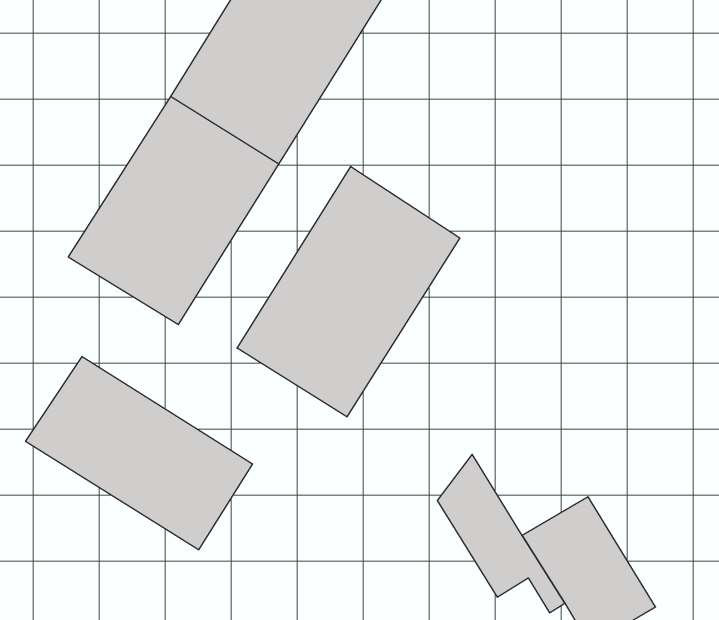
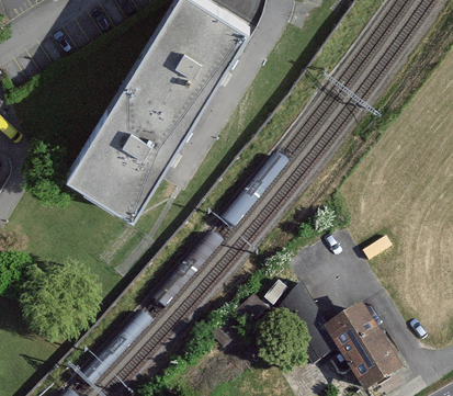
building: [237,166,460,417] -> none
building: [26,356,252,550] -> none

